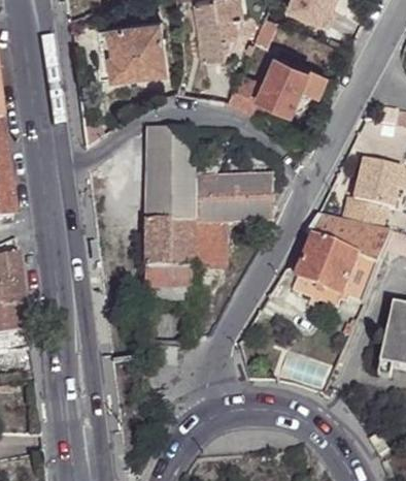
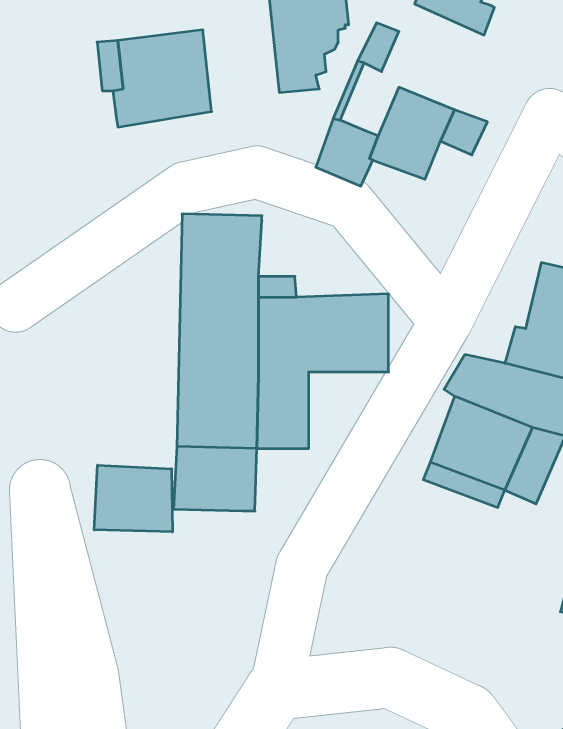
building: none -> [94,465,172,532]

